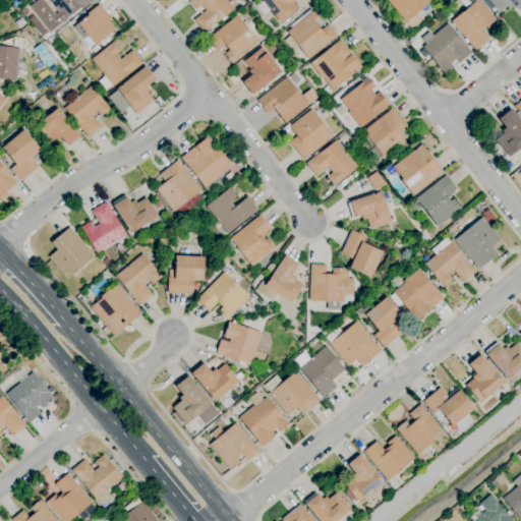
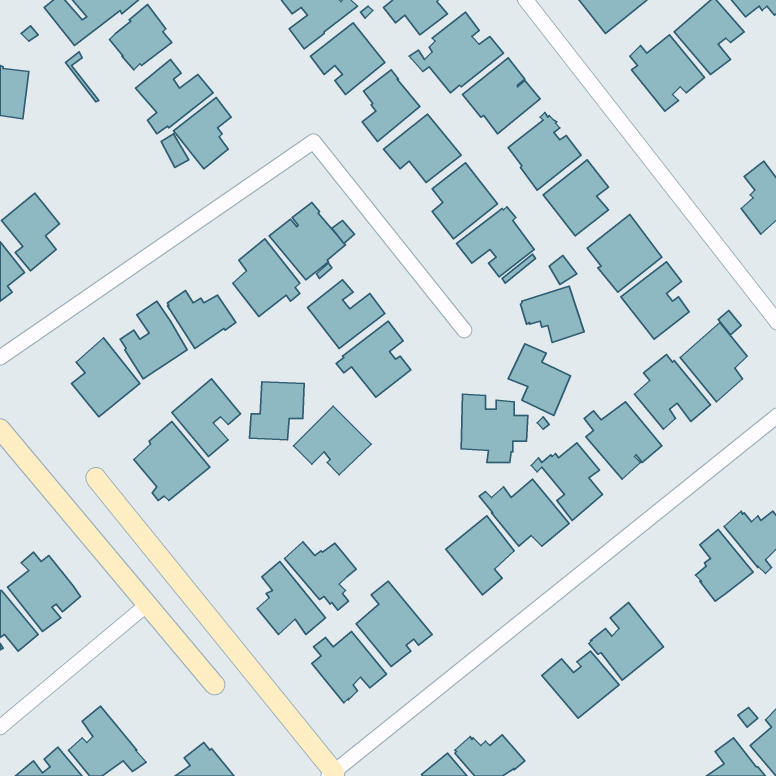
building: [65,85,111,137] -> none
building: [34,107,81,146] -> none
building: [265,254,303,303] -> none
building: [216,321,262,365] -> none
building: [265,370,321,415] -> none
building: [423,387,475,438] -> none
building: [71,453,126,508] -> none
building: [342,454,384,502] -> none

